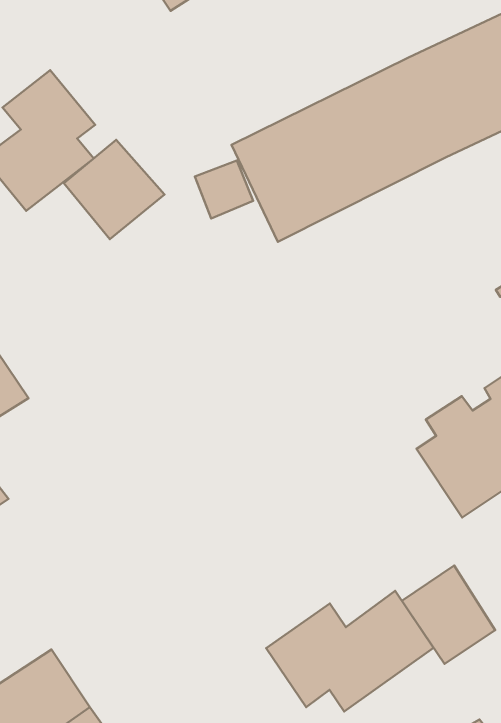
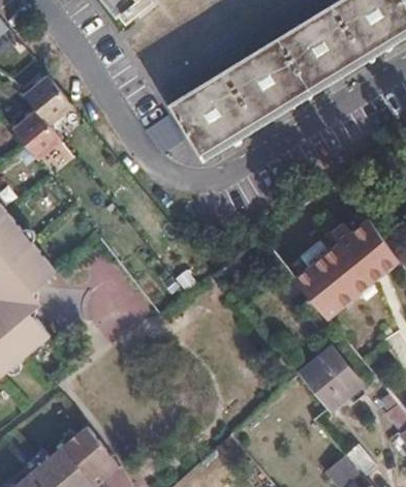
building: [64,140,164,239] -> none
building: [266,591,434,711] -> none

